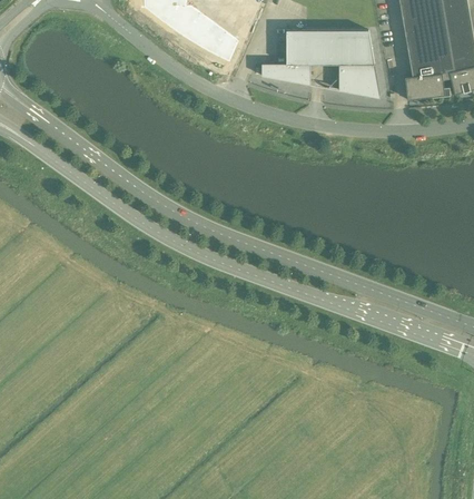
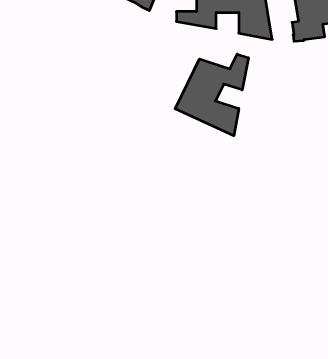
building: none -> [175,54,248,136]

